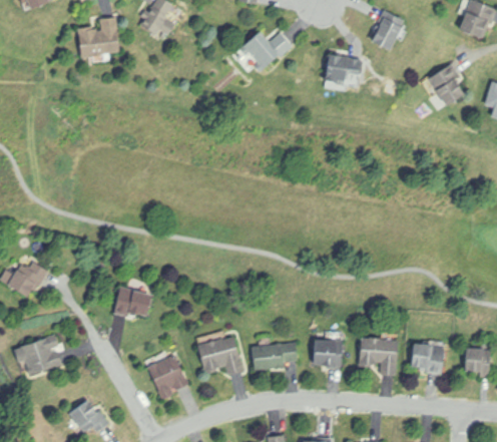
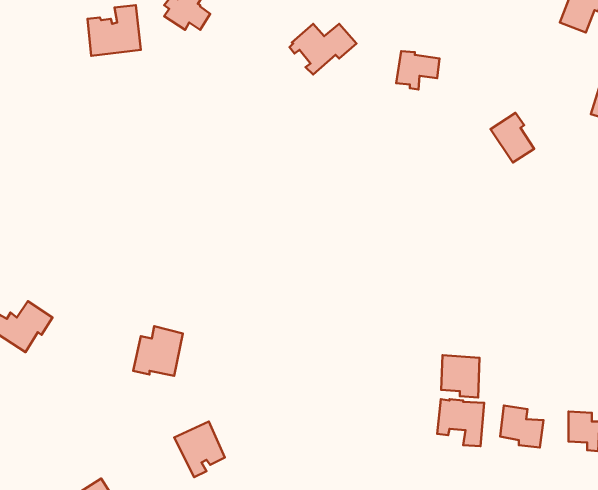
building: [371,19,402,52] -> none
building: [429,66,464,106] -> [491,113,534,162]
building: [13,333,63,376] -> none
building: [197,336,242,374] -> none
building: [313,336,344,370] -> [441,355,480,397]
building: [252,342,298,371] -> none

